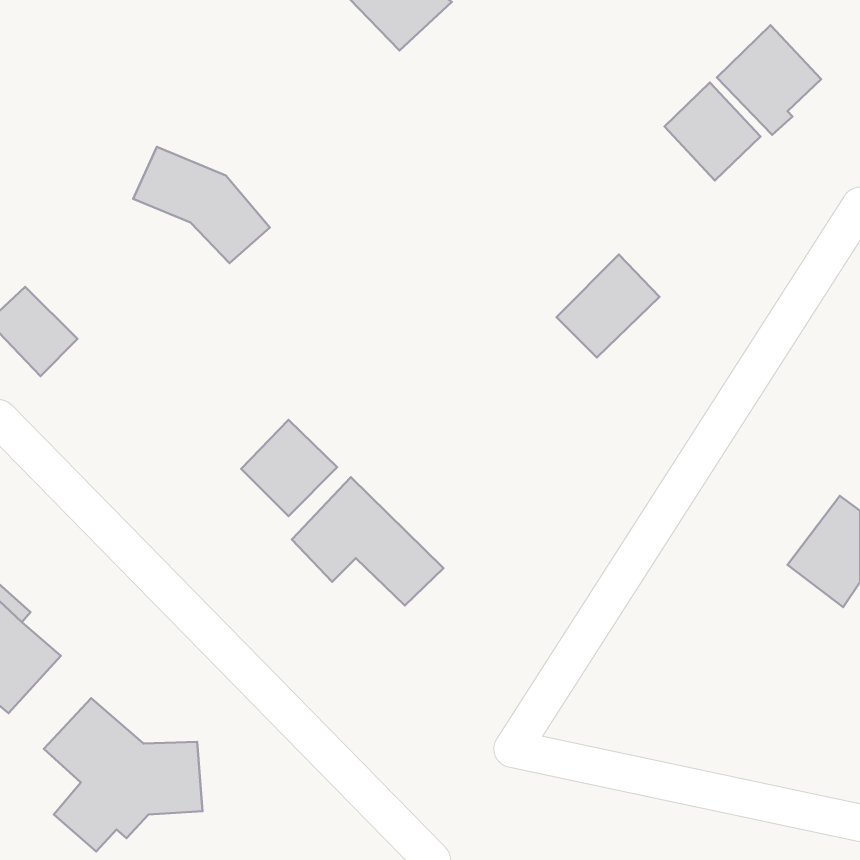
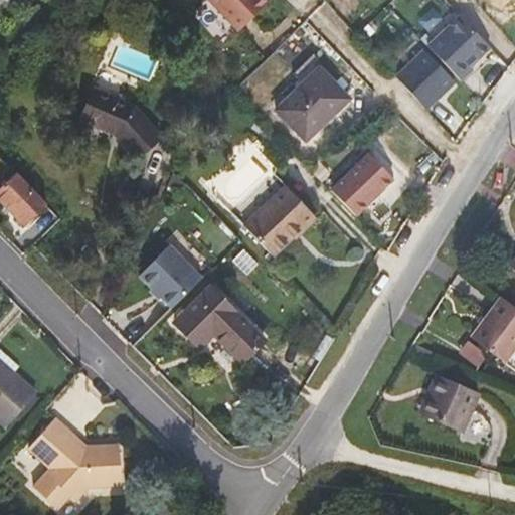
building: none -> [276,66,349,140]
building: none -> [243,185,315,254]
building: none -> [419,373,480,433]

